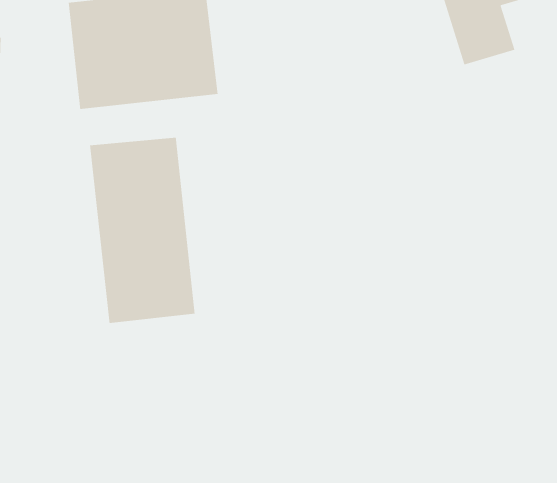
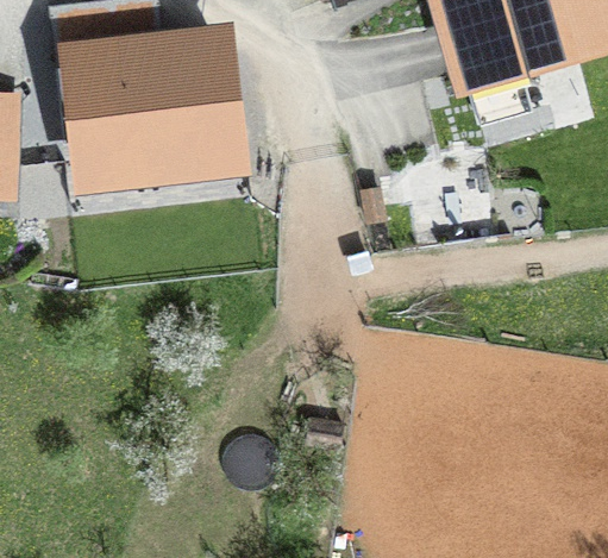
building: [89,137,196,324] -> none

